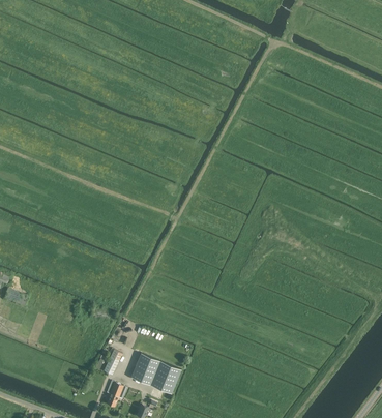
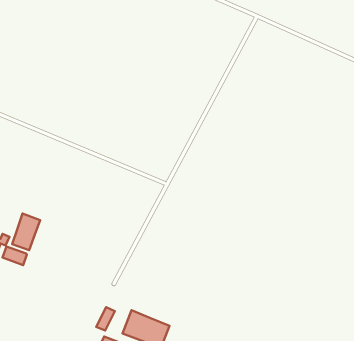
building: none -> [12,214,40,250]

